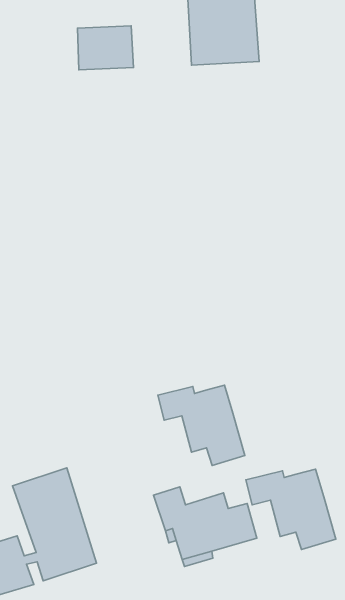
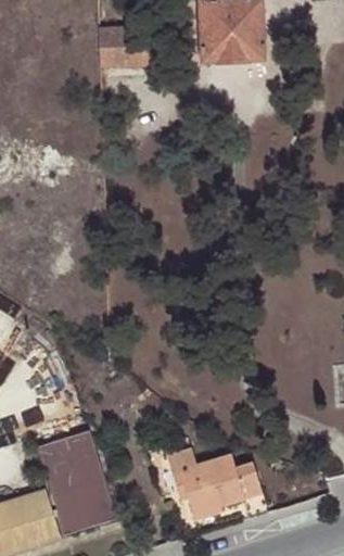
building: [158,385,245,465] -> none
building: [246,469,336,550] -> none

